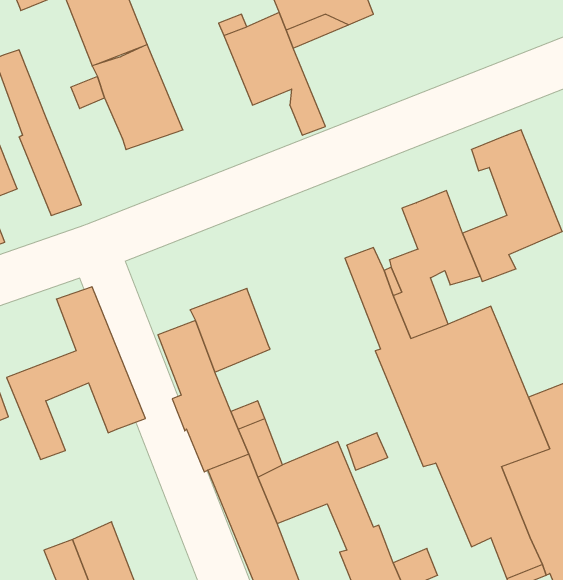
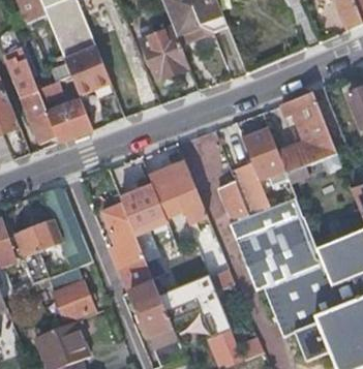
building: none -> [47,98,93,141]
building: none -> [149,161,208,223]
building: none -> [33,267,94,321]

